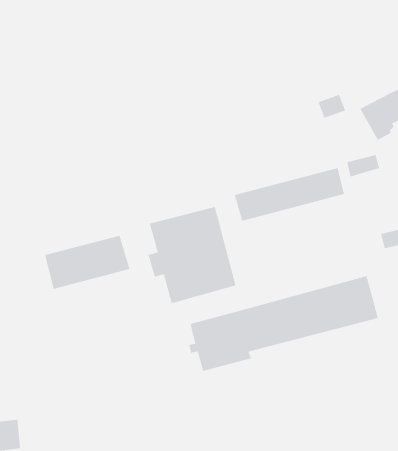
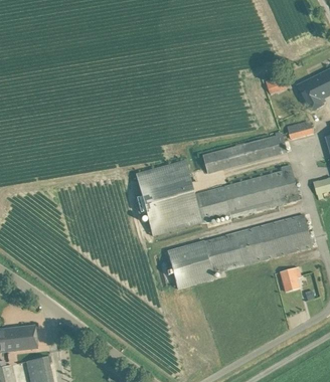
building: none -> [198,168,300,221]
building: [44,235,131,290] -> none
building: none -> [280,265,302,291]

